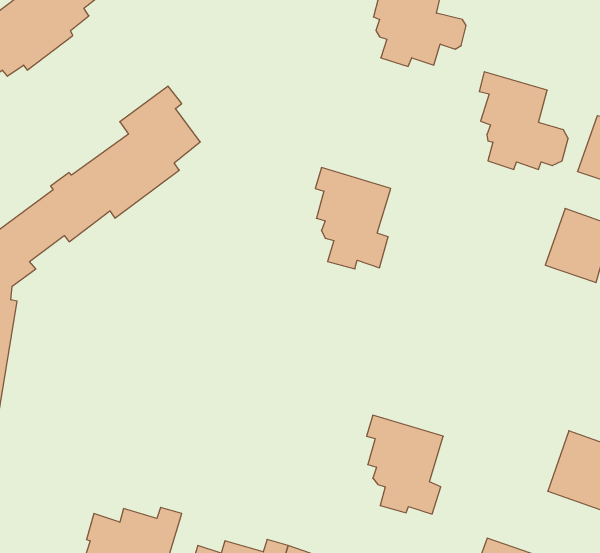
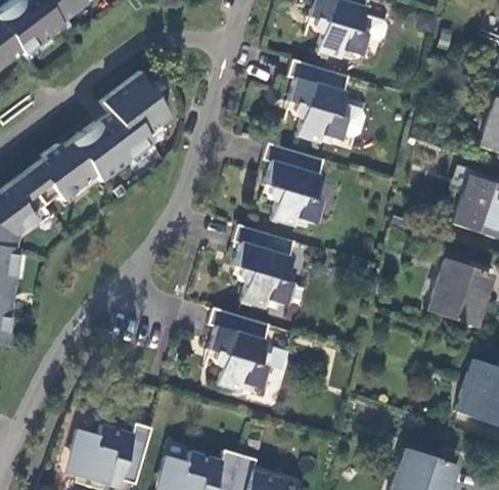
building: [479,72,568,169] -> [291,60,365,141]
building: none -> [234,224,294,306]
building: none -> [425,258,489,325]
building: [367,415,443,514] -> [208,307,271,389]

